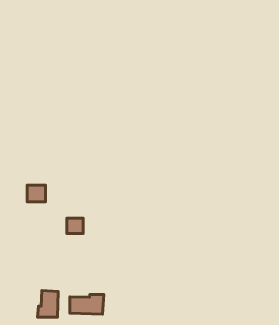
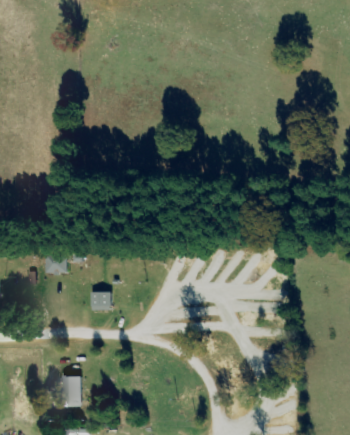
building: [70,295,104,314] -> none

